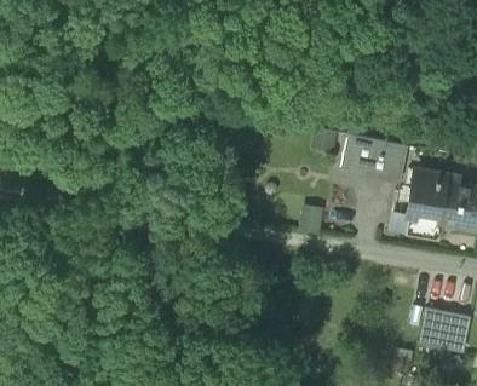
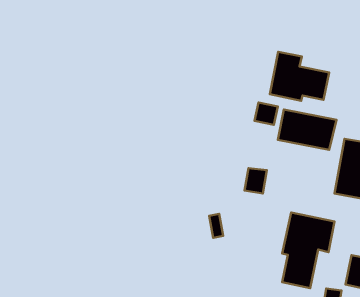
building: none -> [270,52,329,101]
building: none -> [282,213,335,288]

